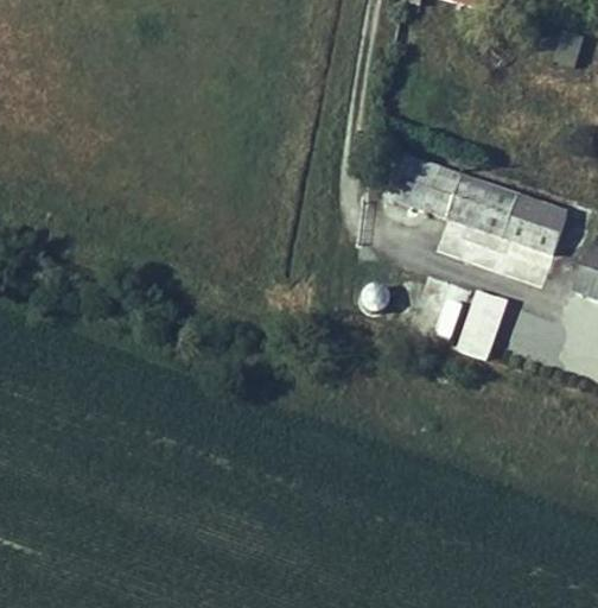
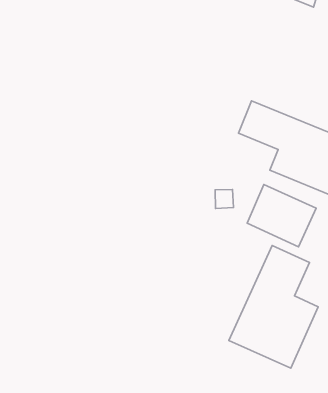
building: none -> [229,245,318,368]

